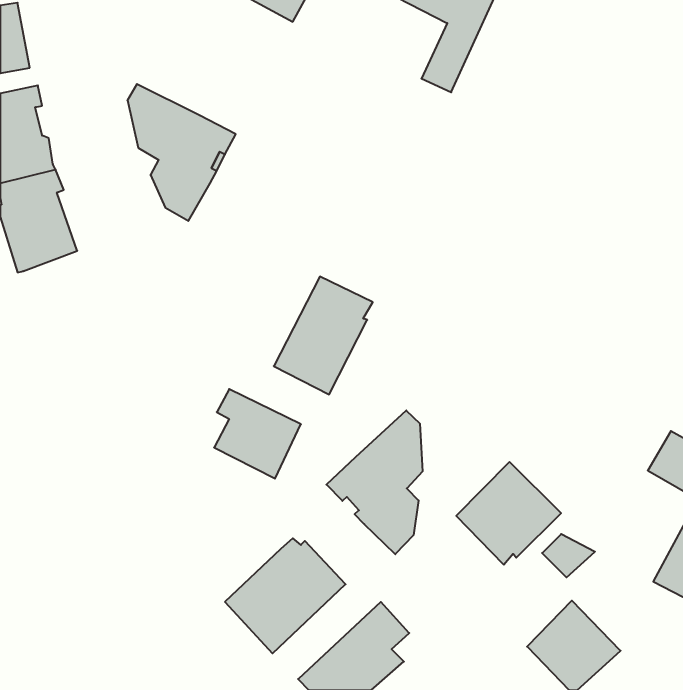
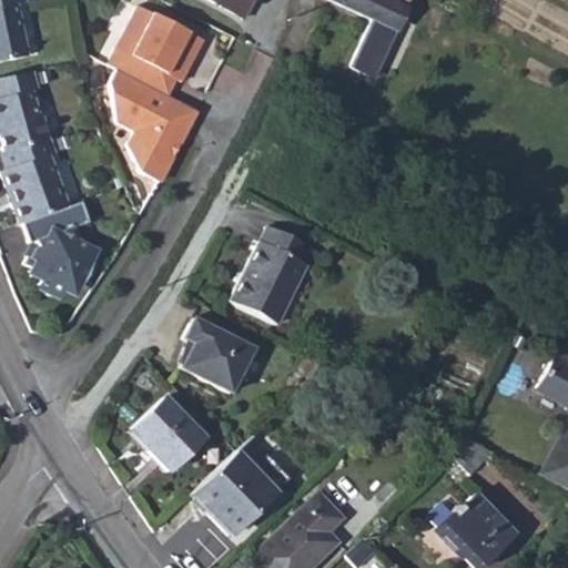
building: none -> [110,4,206,94]
building: none -> [27,201,103,301]
building: [326,410,423,554] -> none
building: [456,462,561,565] -> none
building: none -> [136,397,204,470]

